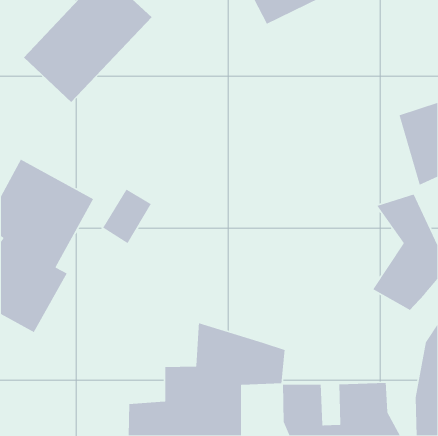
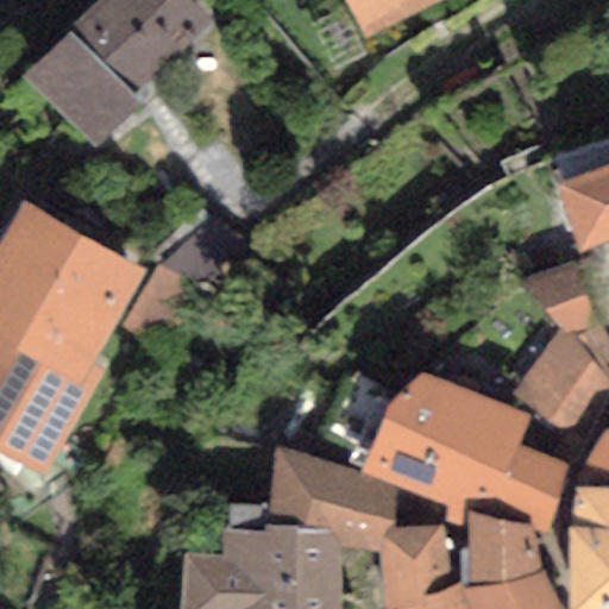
building: none -> [328,356,559,533]

